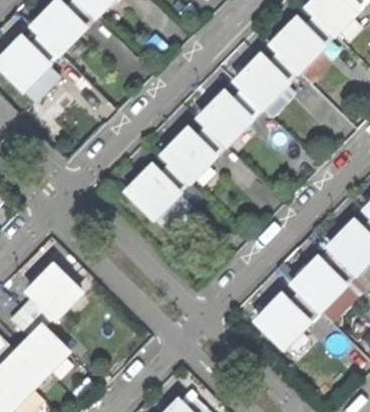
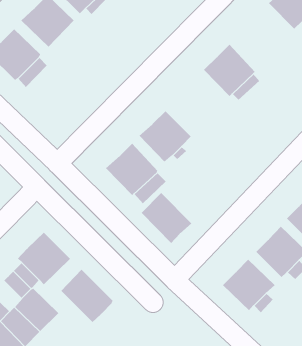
building: [268,14,327,72] -> none
building: [196,89,254,148] -> none
building: none -> [141,192,192,244]
building: none -> [60,269,114,323]

